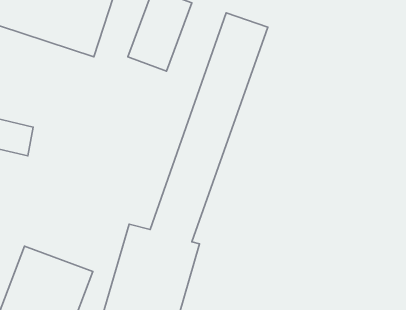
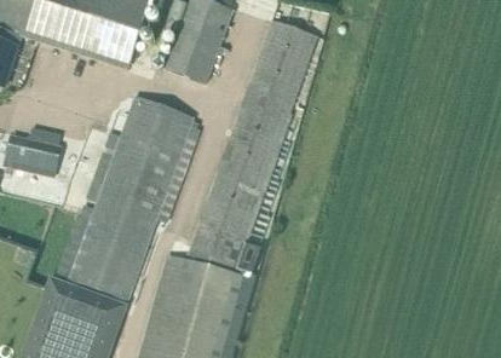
building: none -> [71,97,196,299]

